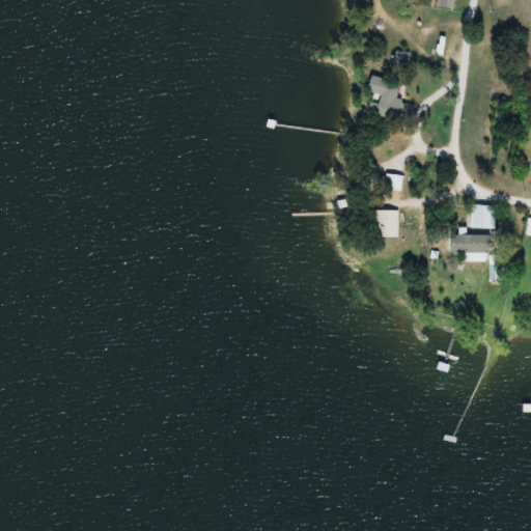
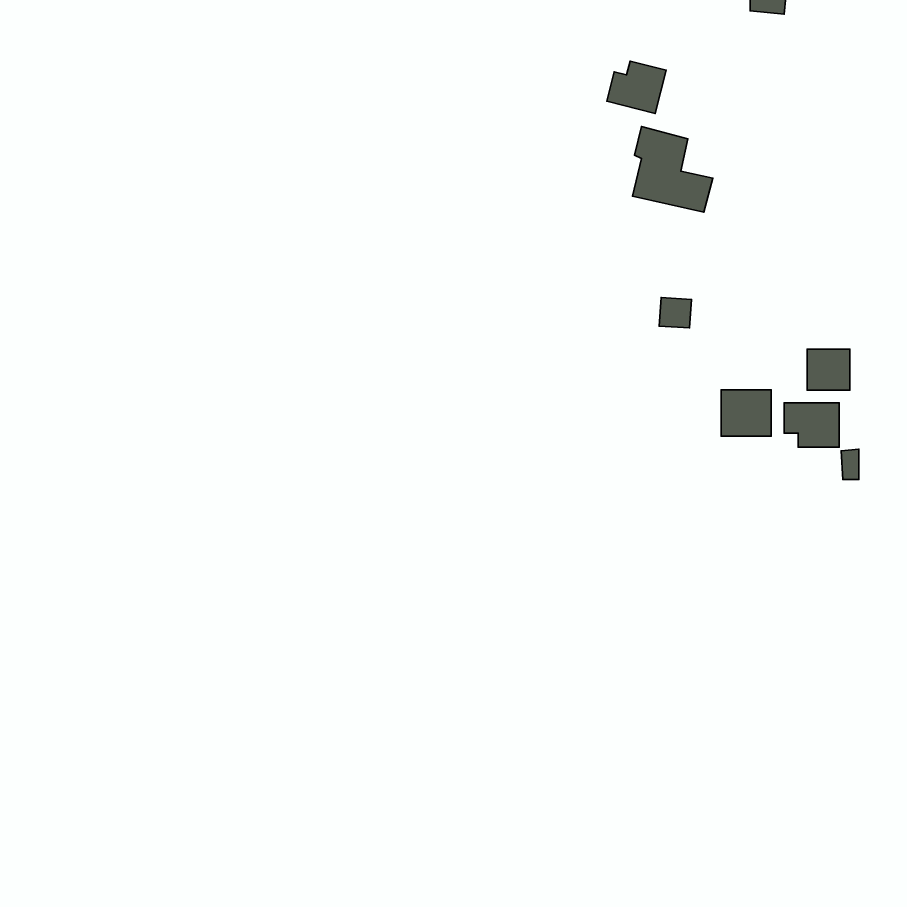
building: none -> [607,61,666,113]
building: [369,209,398,236] -> [721,390,771,436]

